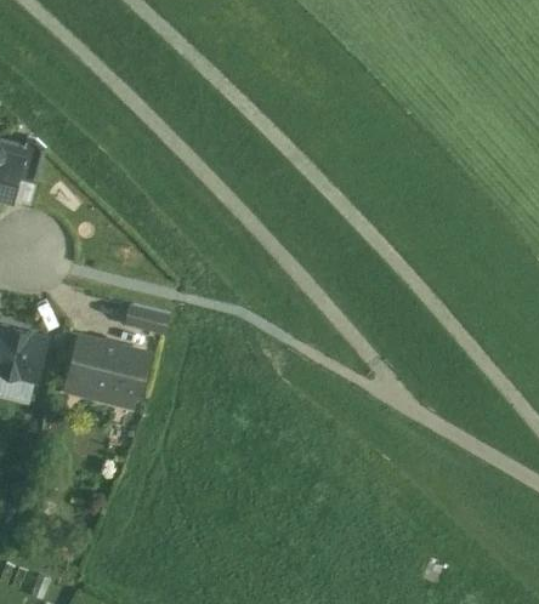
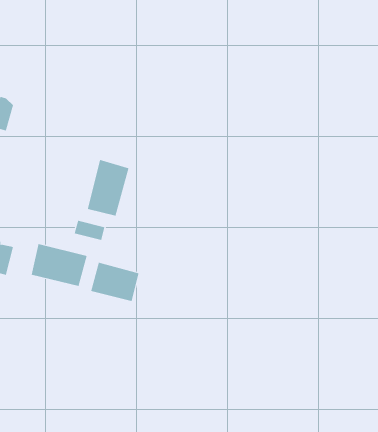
building: none -> [87,159,129,217]
building: none -> [90,262,139,302]

